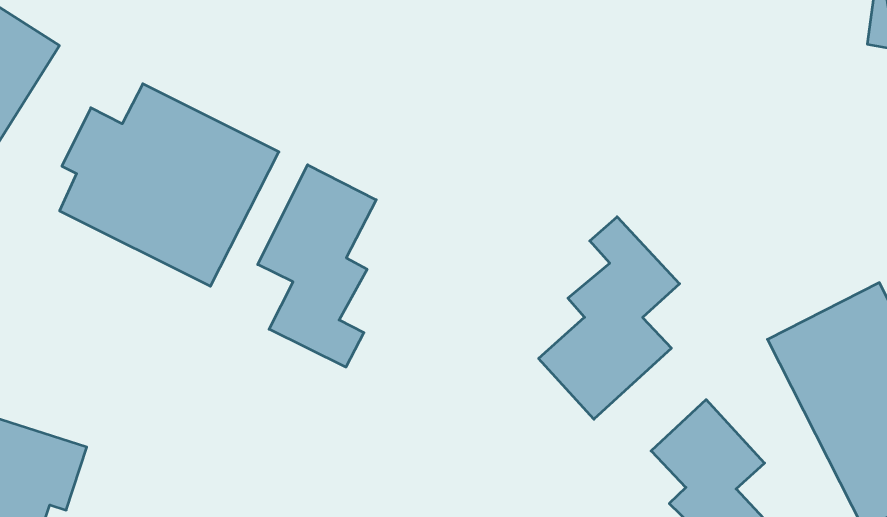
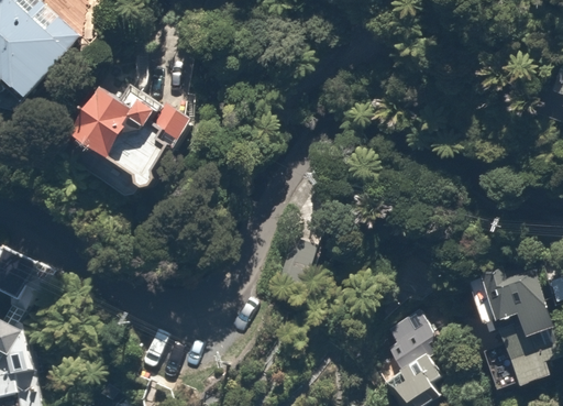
building: [258,165,376,367] -> none
building: [539,217,680,419] -> none

